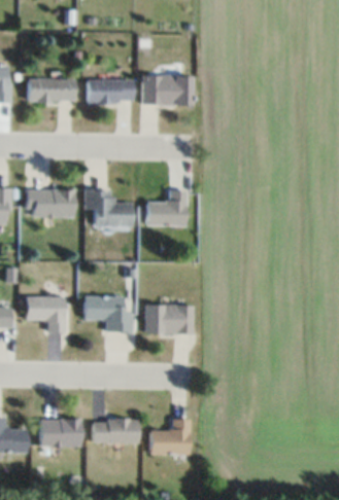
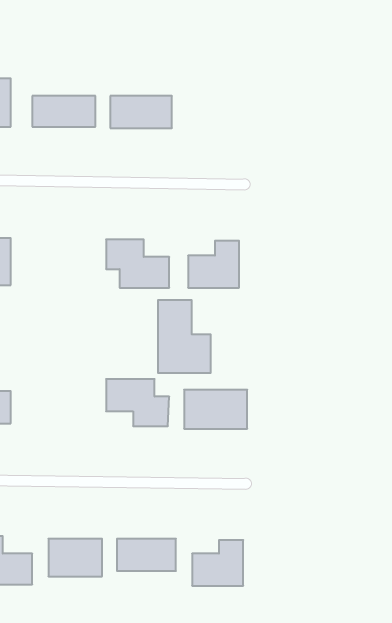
building: [142,75,193,106] -> none
building: [26,188,74,218] -> none
building: none -> [158,300,211,373]
building: [26,297,65,332] -> none

